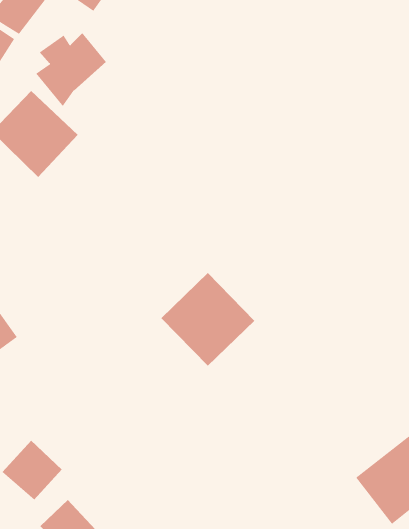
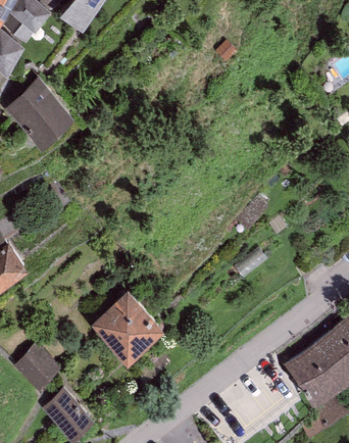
building: [35,32,107,107] -> none
building: [161,272,255,367] -> [91,288,162,359]

